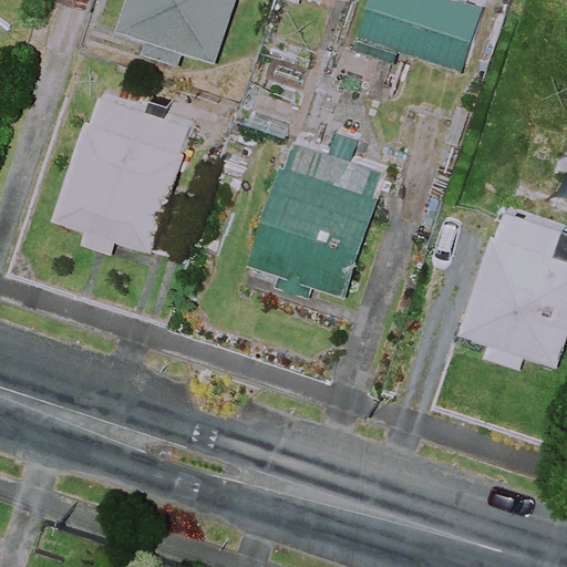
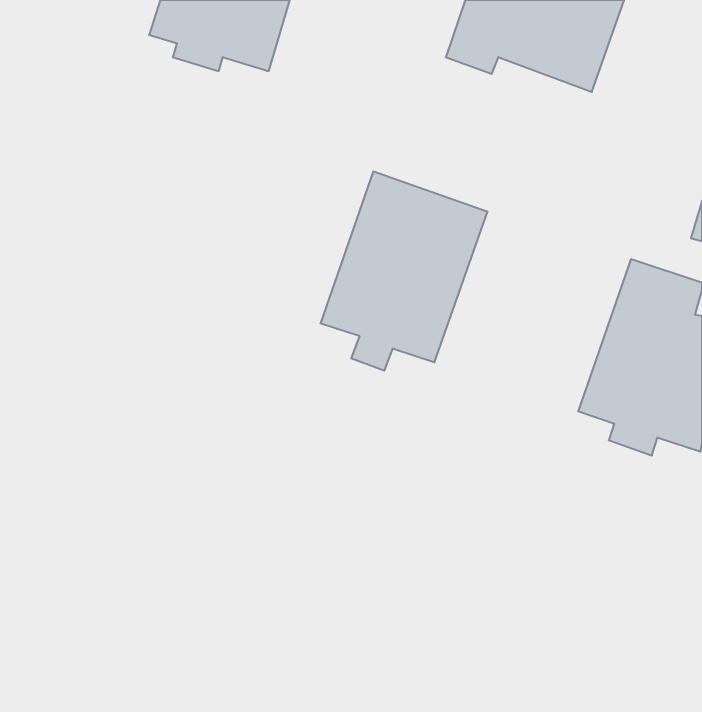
building: [55,91,197,255] -> none

